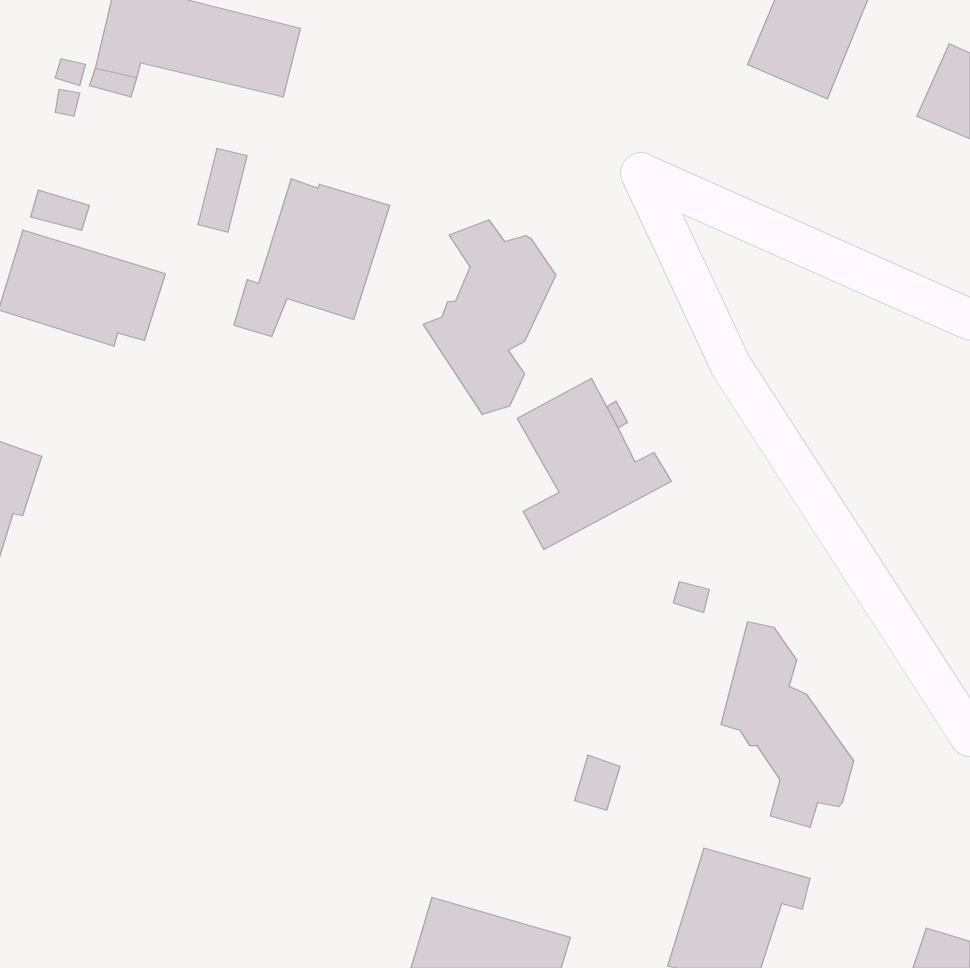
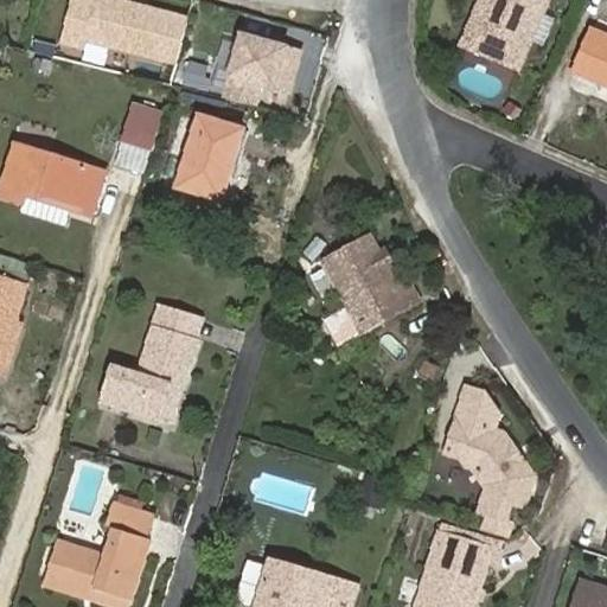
building: none -> [225,32,306,104]
building: [423,220,556,415] -> none
building: none -> [100,320,198,416]
building: none -> [45,501,155,599]

